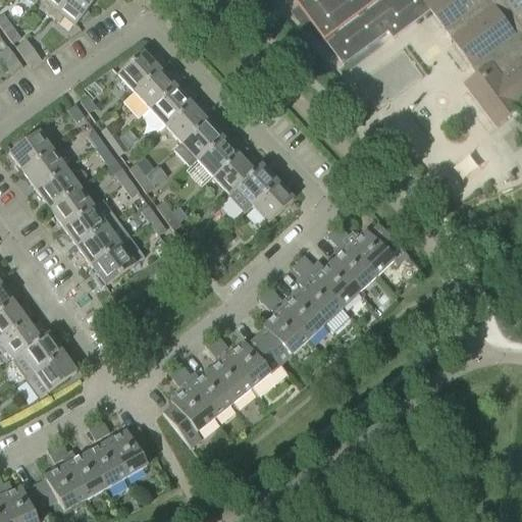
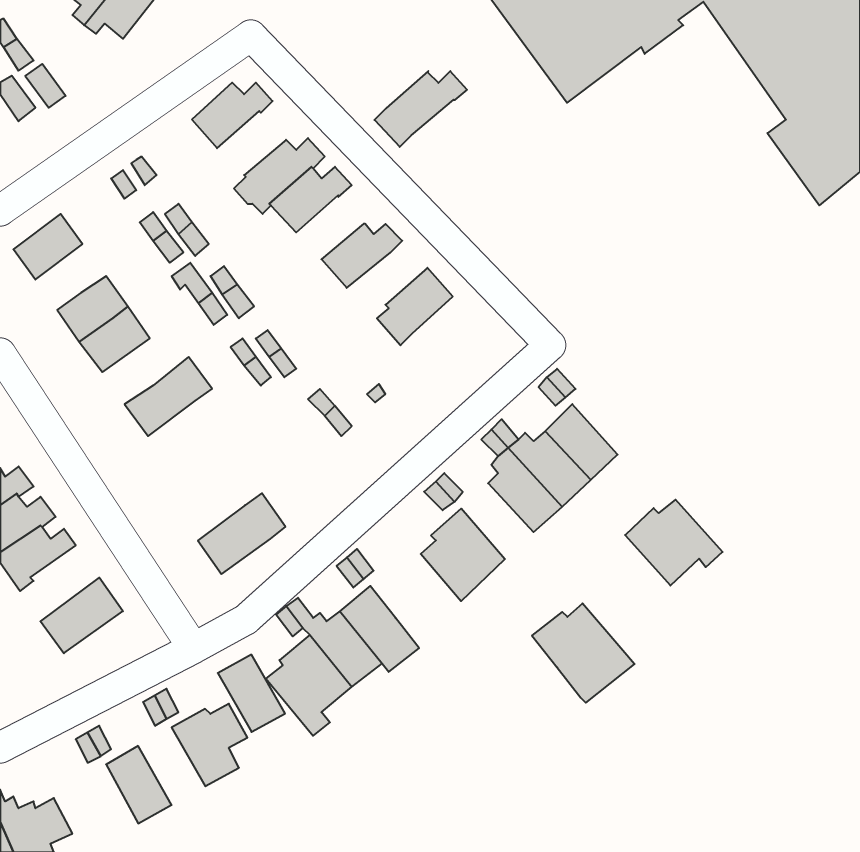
building: [132,67,181,106] -> none
building: [172,118,228,164] -> [374,71,467,147]
building: [21,148,64,188] -> none
building: [210,152,259,193] -> none
building: [250,179,292,220] -> none
building: [62,198,114,245] -> none
building: [347,223,406,275] -> [625,500,723,586]
building: [90,236,143,284] -> [198,493,285,574]
building: [279,293,323,338] -> none
building: [12,330,60,376] -> none
building: [224,335,286,396] -> [532,603,635,703]
building: [84,440,124,487] -> [218,655,285,732]
building: [33,463,84,511] -> none

